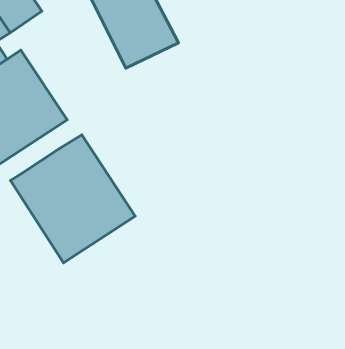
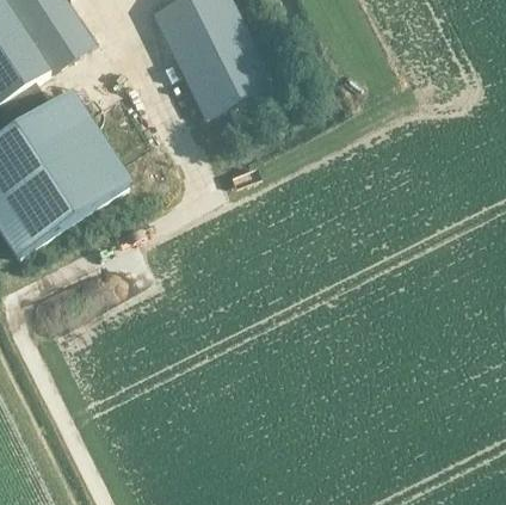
building: [10,135,135,263] -> none

